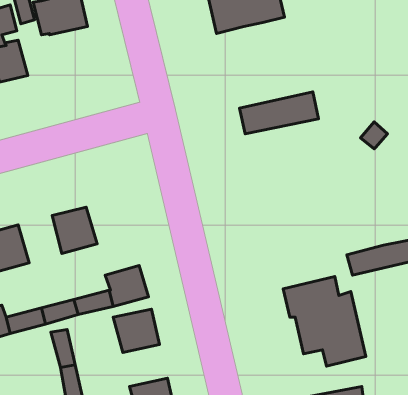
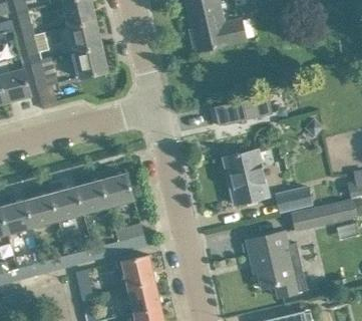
building: none -> [73,47,107,79]
building: none -> [226,150,268,205]
building: none -> [100,174,133,208]
building: none -> [50,187,82,222]
building: none -> [276,188,311,212]
building: none -> [127,282,160,313]

